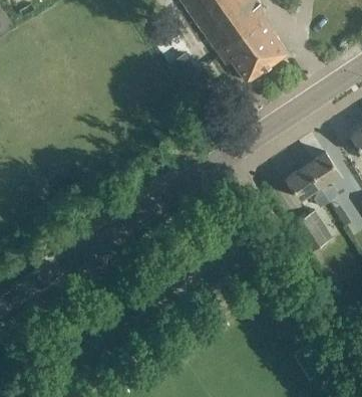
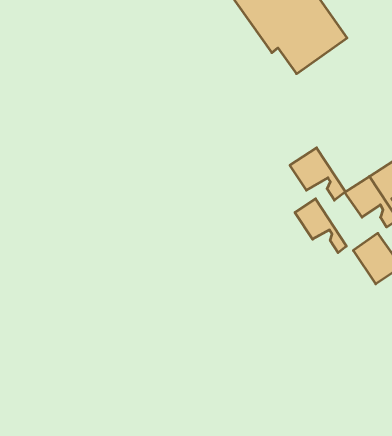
building: none -> [290,148,345,200]
building: none -> [295,199,346,253]

